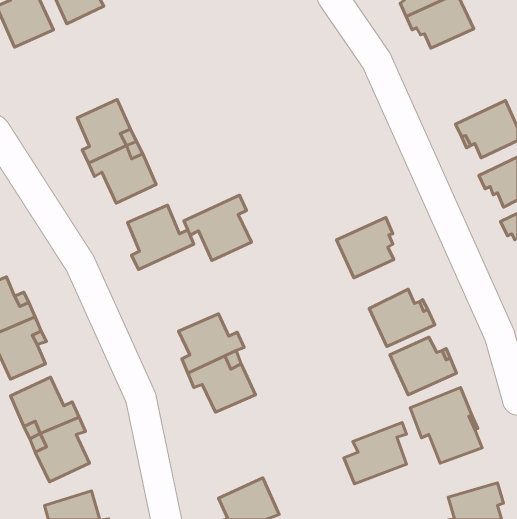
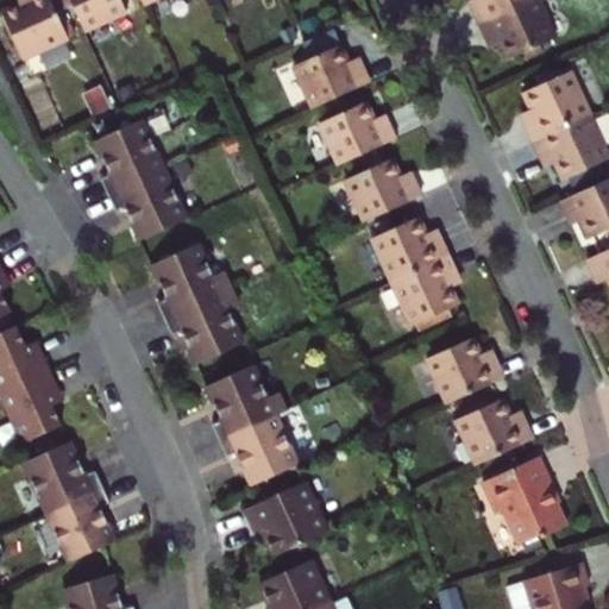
building: none -> [290,36,366,100]
building: none -> [522,77,591,149]
building: none -> [319,96,394,158]
building: none -> [349,161,423,224]
building: none -> [376,219,452,283]
building: [184,195,252,261] -> [165,288,244,364]
building: none -> [245,481,328,555]
building: [344,423,407,484] -> none

